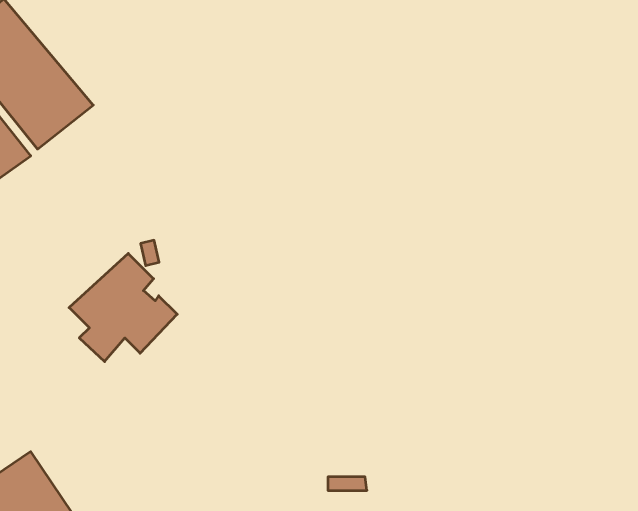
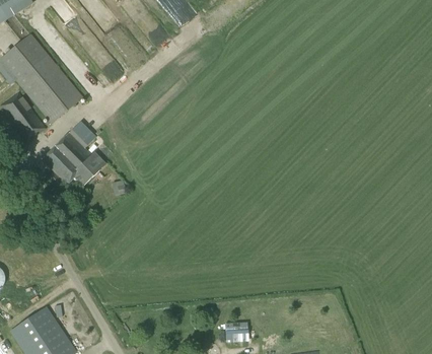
building: [69,253,177,362] -> [41,128,105,193]

